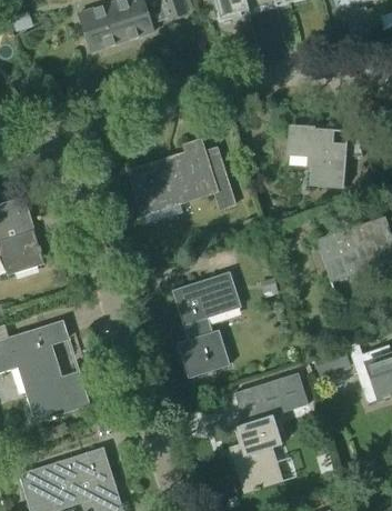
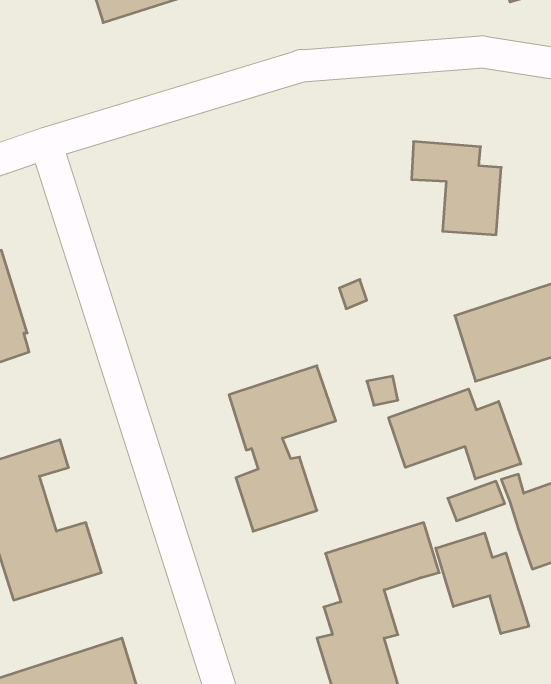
building: [128,140,234,213] -> none
building: none -> [389,389,521,479]
building: none -> [436,533,529,634]

